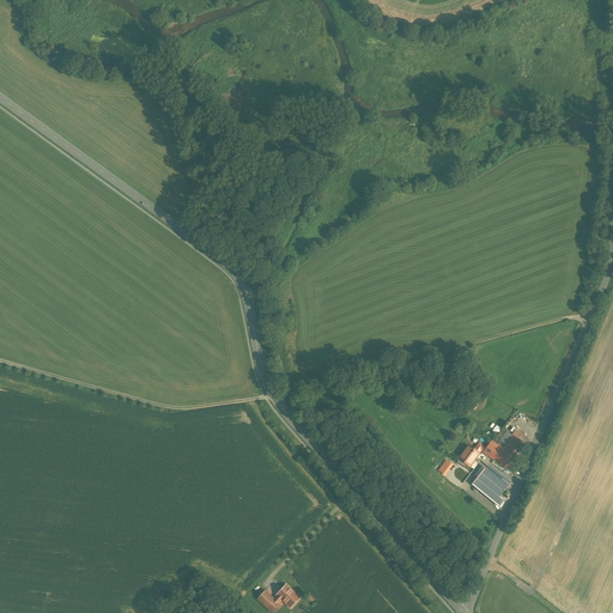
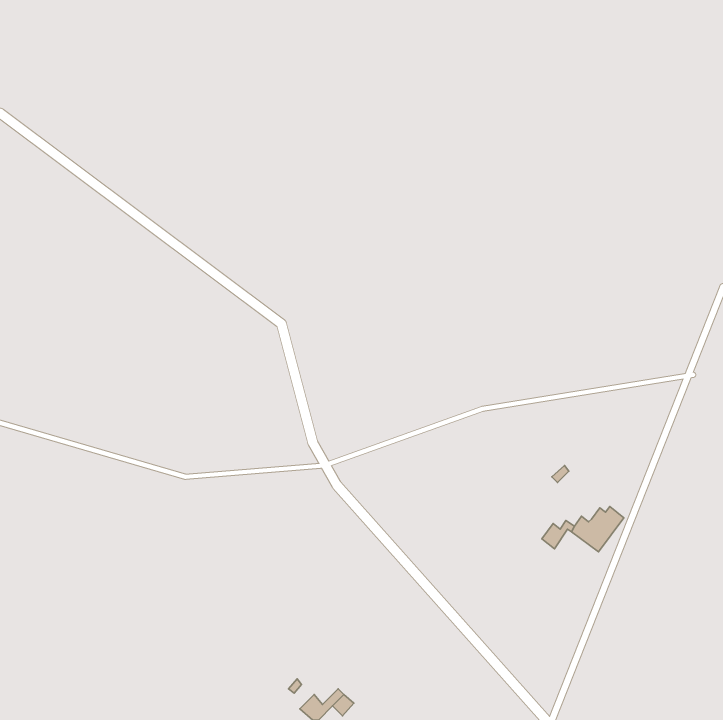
building: [472,466,508,504] -> none

